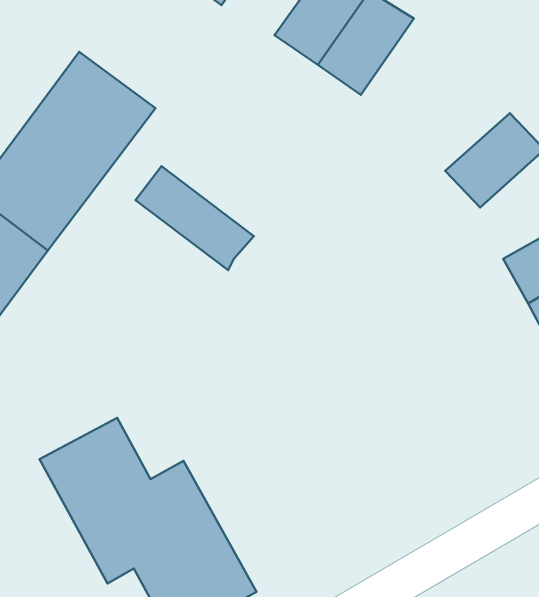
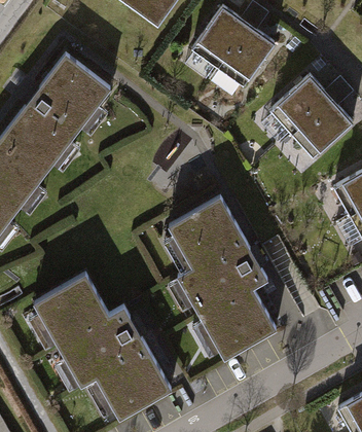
building: none -> [269,68,332,130]
building: [136,166,254,270] -> none
building: none -> [171,201,278,361]

